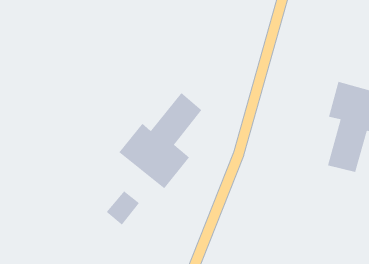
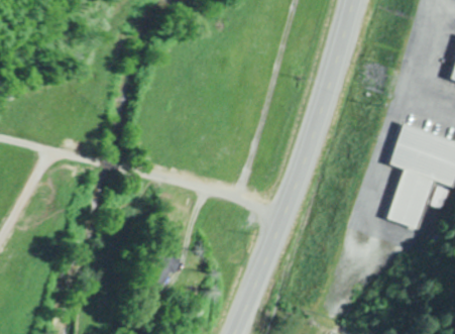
building: [118,92,202,189] -> none

